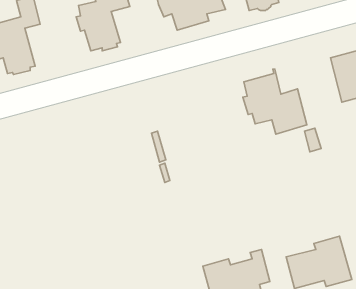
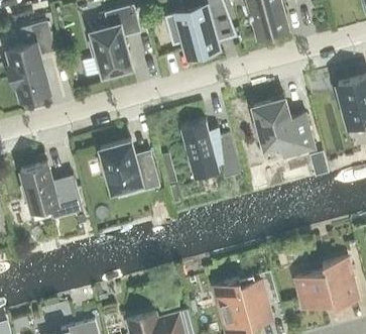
building: none -> [179,120,240,178]
building: none -> [99,140,159,193]
building: none -> [19,163,83,219]

